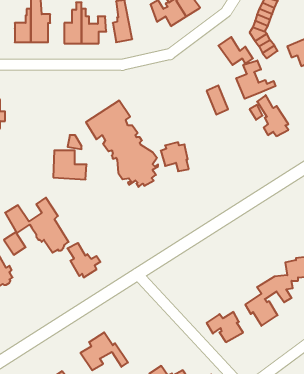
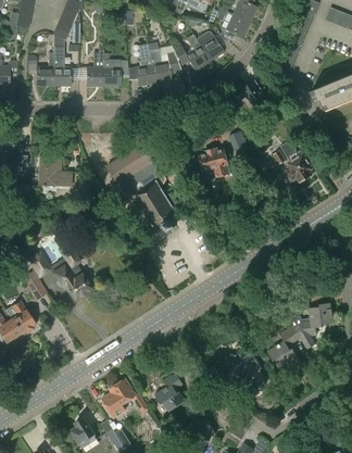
building: none -> [148,49,181,84]
building: [236,60,276,99] -> none
building: [161,142,189,171] -> [200,148,228,177]
building: [53,150,87,179] -> [38,158,72,187]
building: [67,243,100,278] -> none
building: none -> [155,374,186,412]

